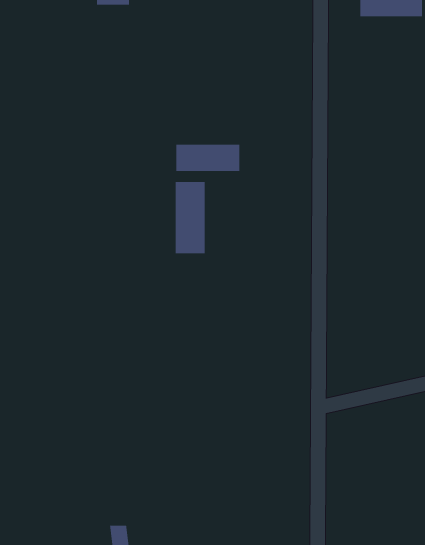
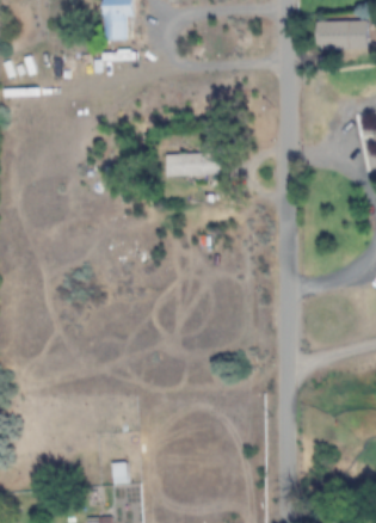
building: [175,181,206,254] -> none

